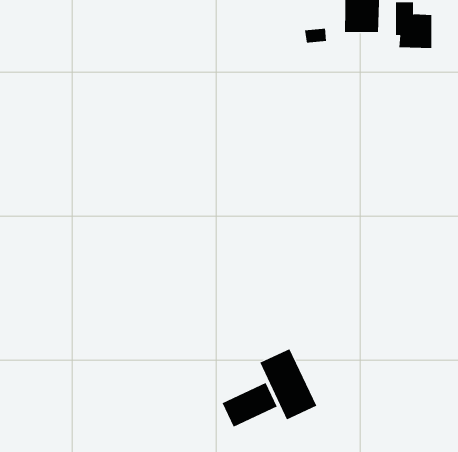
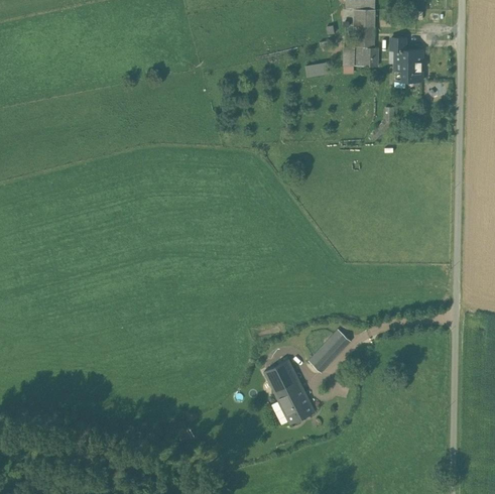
building: none -> [307,329,350,371]
building: [222,382,278,427] -> none

